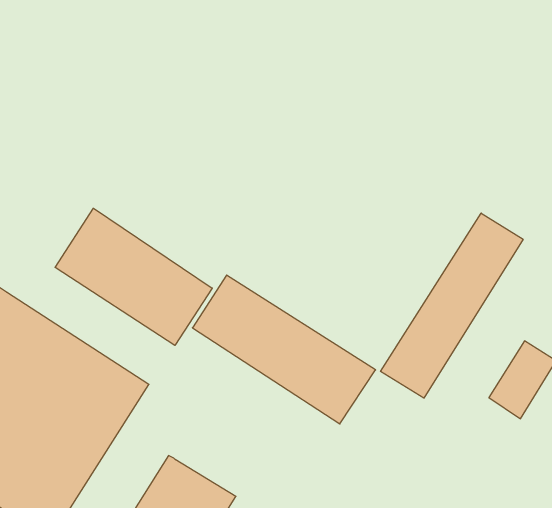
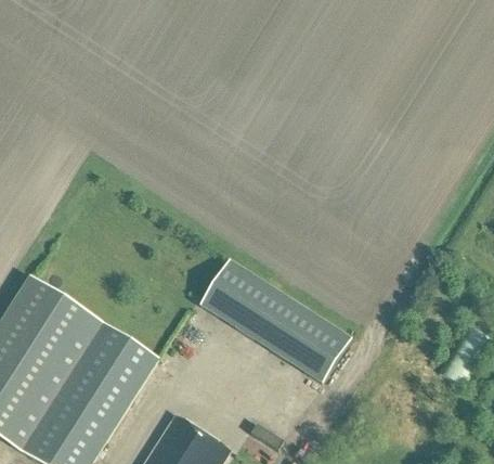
building: [55,208,212,345] -> none
building: [381,213,523,398] -> none

